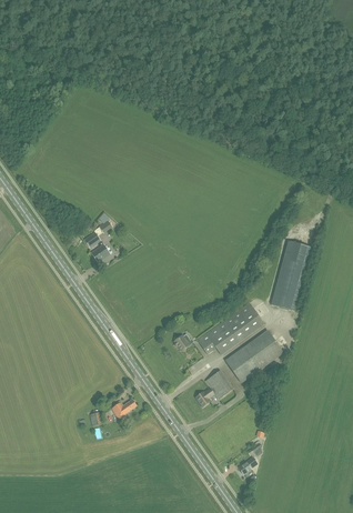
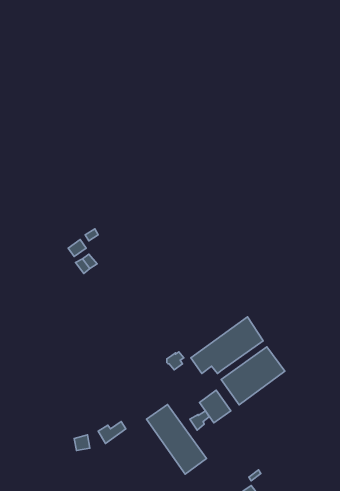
building: [270,240,311,310] -> none
building: none -> [146,405,206,474]

